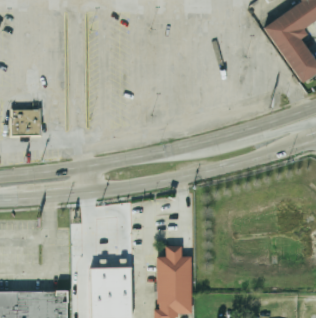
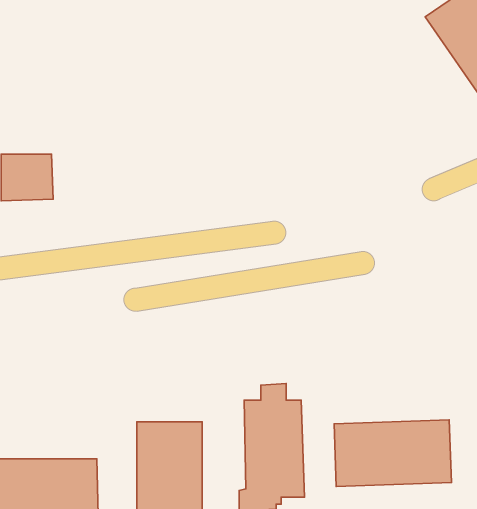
building: none -> [334,420,451,487]

